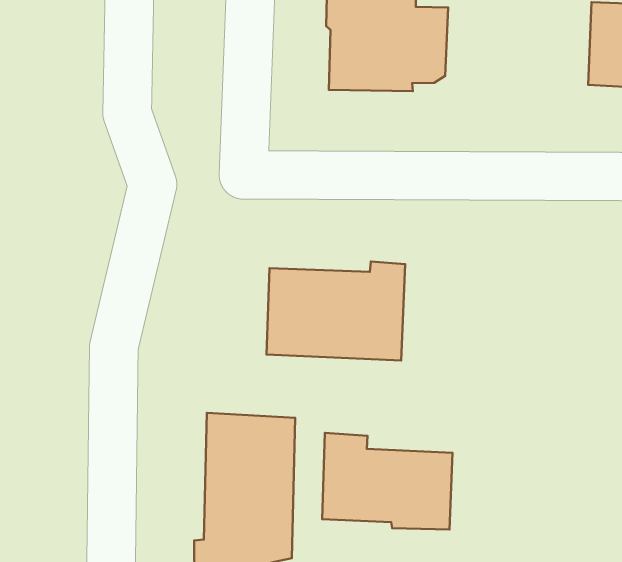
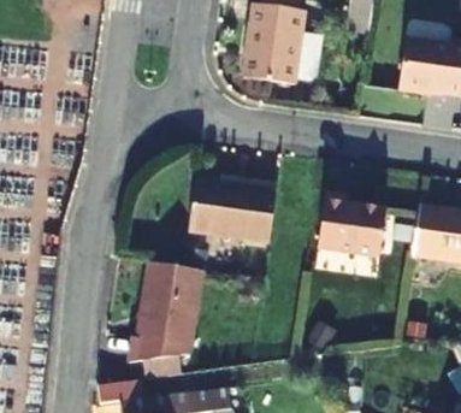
building: none -> [315,191,384,256]
building: [322,433,453,529] -> none

